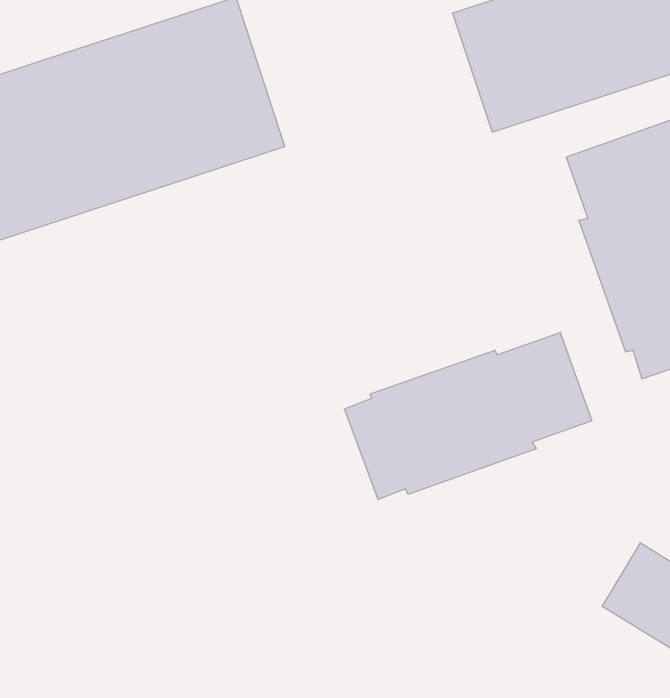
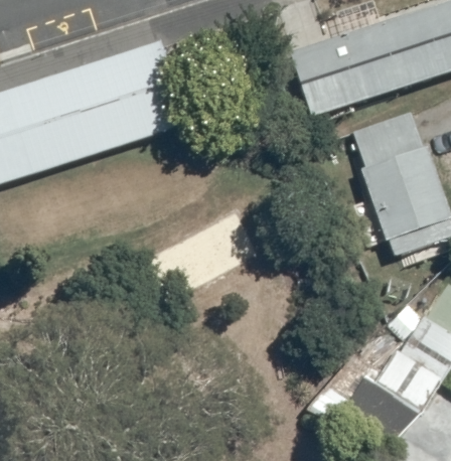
building: [344,332,592,500] -> none

